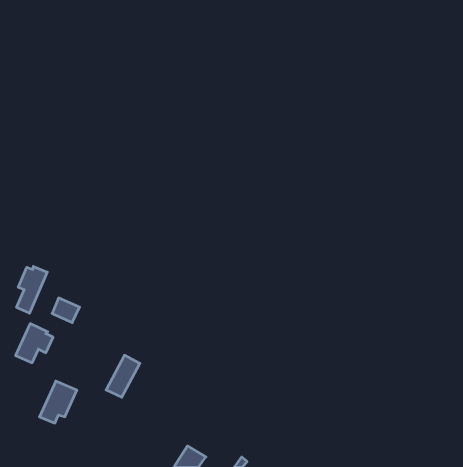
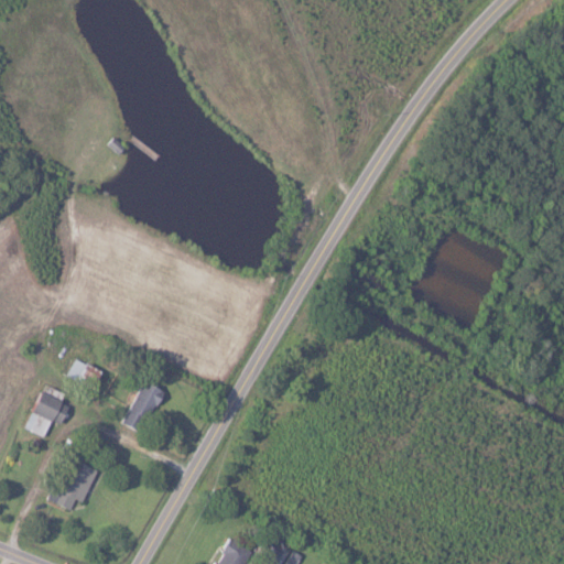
building: [17,266,47,313] -> none
building: [106,355,140,397] -> [123,381,164,432]

